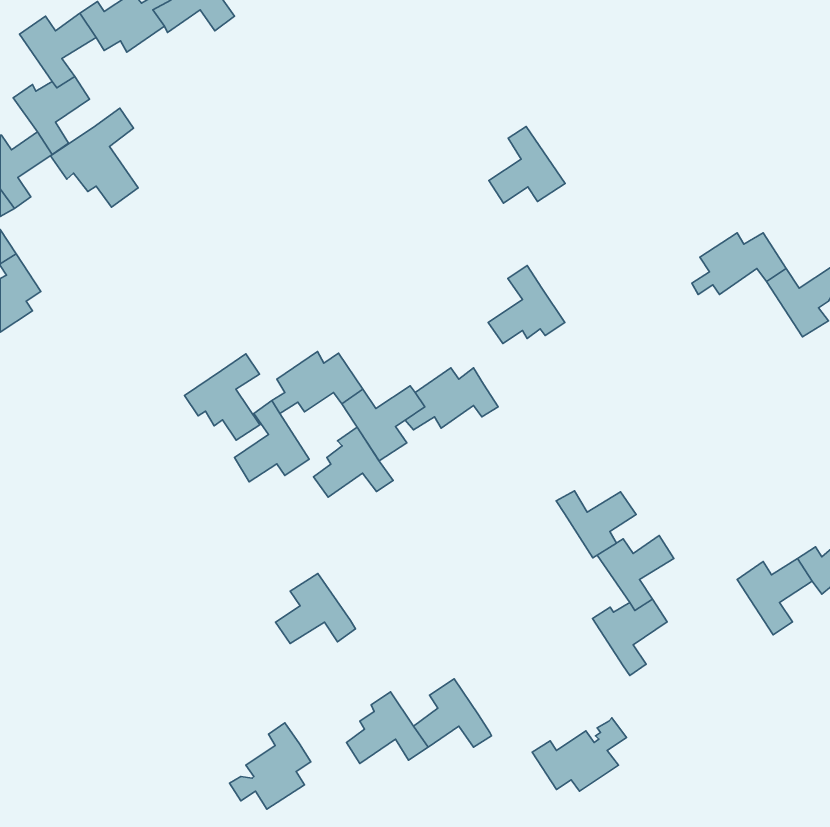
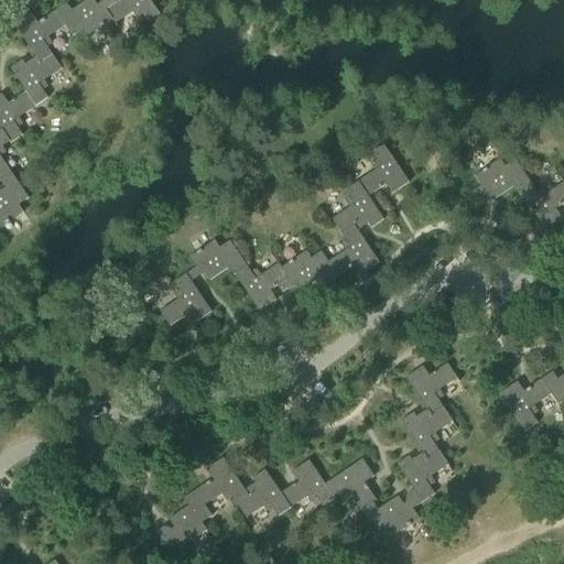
building: [50,108,138,207] -> none
building: [489,127,565,203] -> [358,143,410,195]
building: none -> [328,224,380,275]
building: [184,354,260,440] -> none
building: [313,427,393,497] -> none
building: [556,491,636,558] -> none
building: [276,573,355,643] -> [194,456,248,503]
building: none -> [397,449,447,499]
building: none -> [325,457,377,509]

